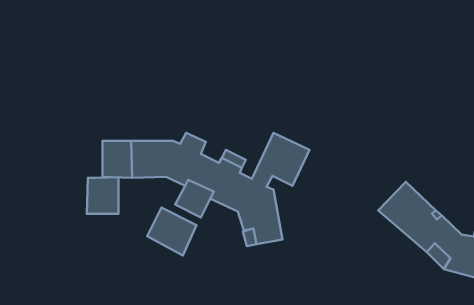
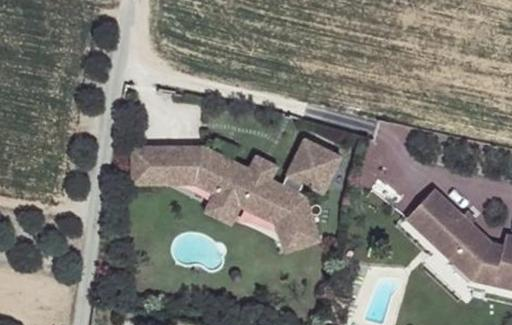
building: [87,177,118,214] -> none
building: [147,207,197,255] -> none

